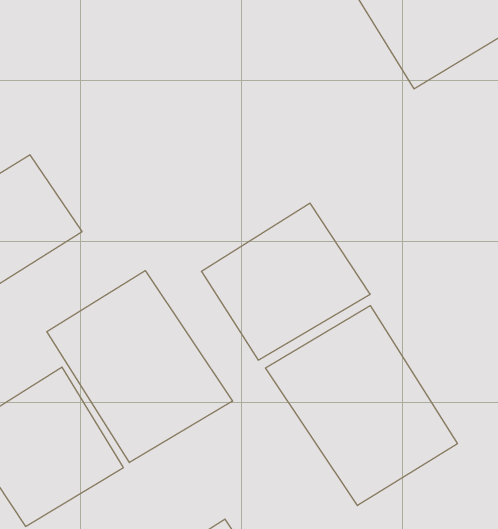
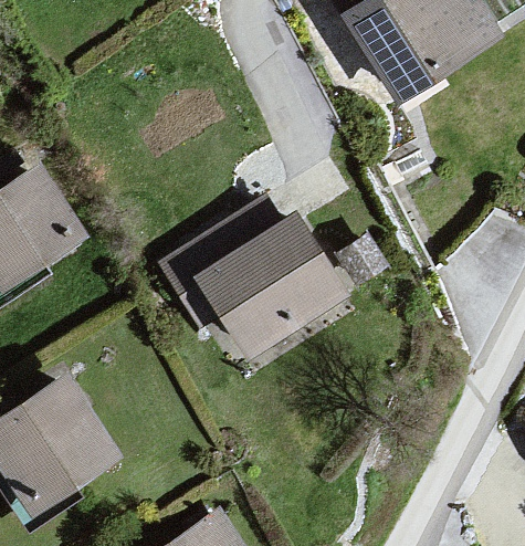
building: [47,271,233,463] -> none
building: [265,306,457,506] -> none

